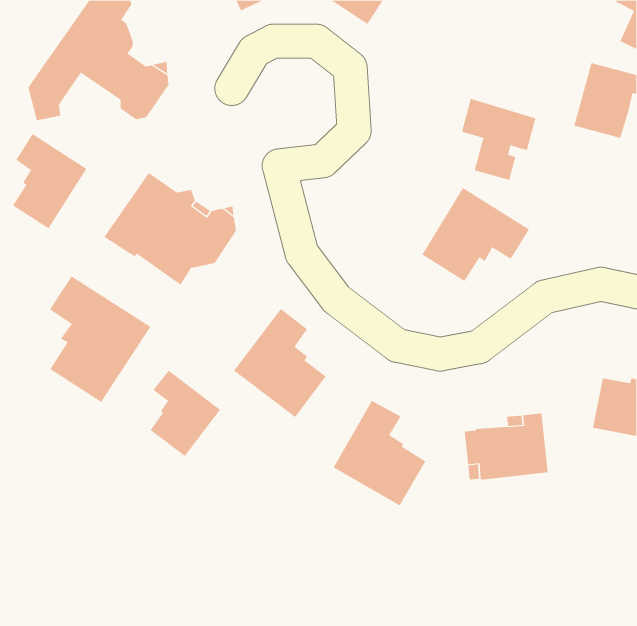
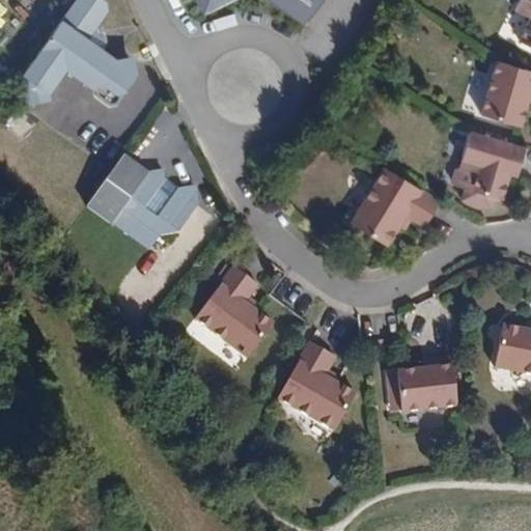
building: [461,98,536,181] -> [459,130,522,198]
building: [12,133,87,229] -> none
building: [49,276,151,403] -> none
building: [150,370,221,457] -> none

